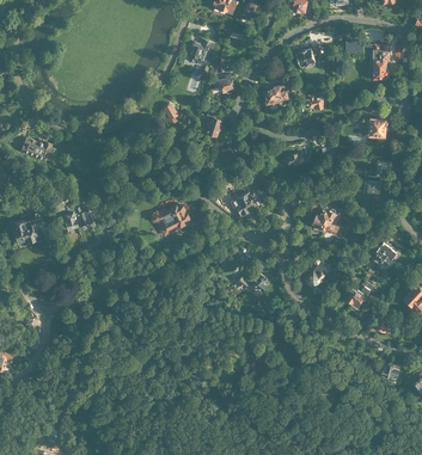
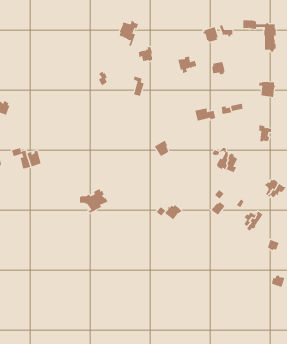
building: [151,203,188,235] -> [79,188,108,214]

